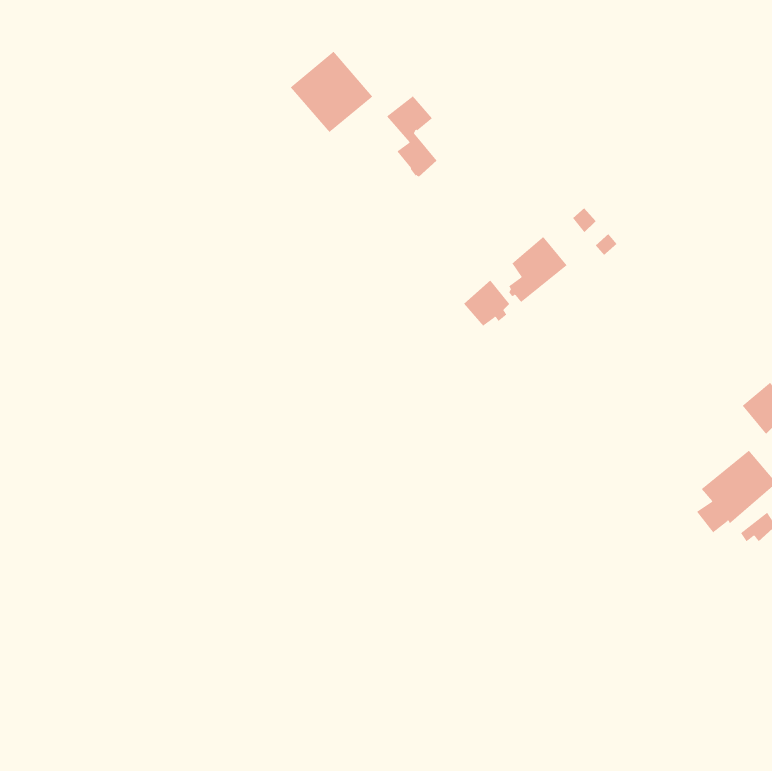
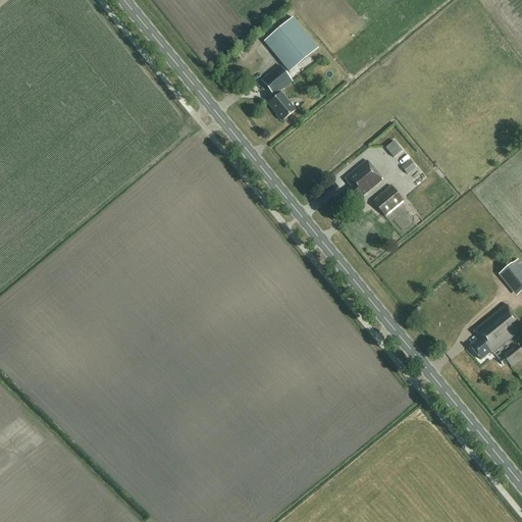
building: [290,51,373,133] -> [264,16,320,71]
building: [463,280,510,326] -> [371,186,403,217]

